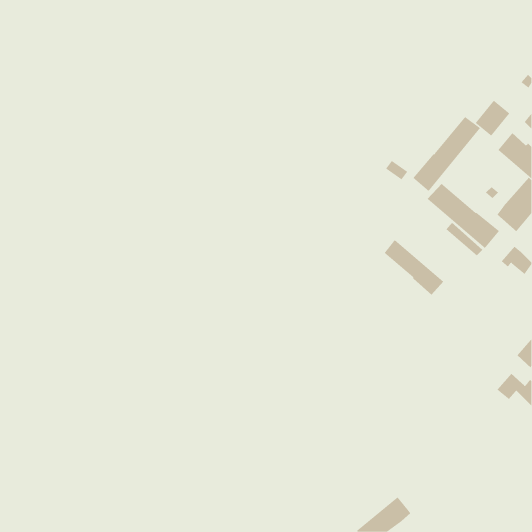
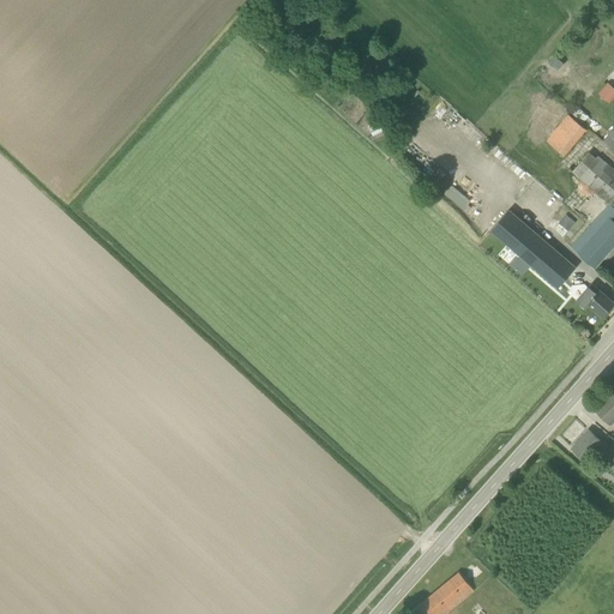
building: [413,116,481,192] -> none
building: [384,239,444,295] -> none

